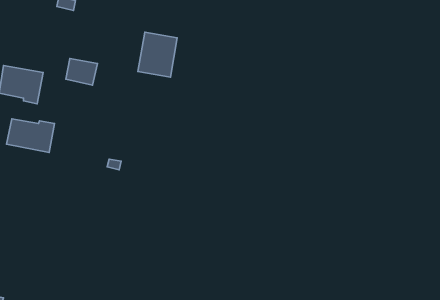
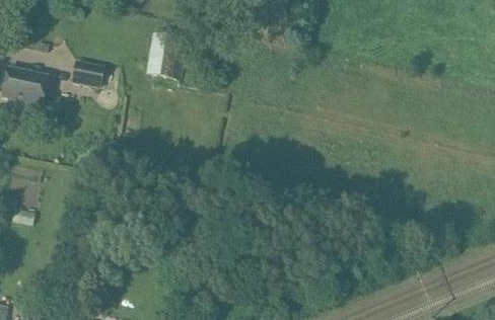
building: [7,119,55,153] -> none

